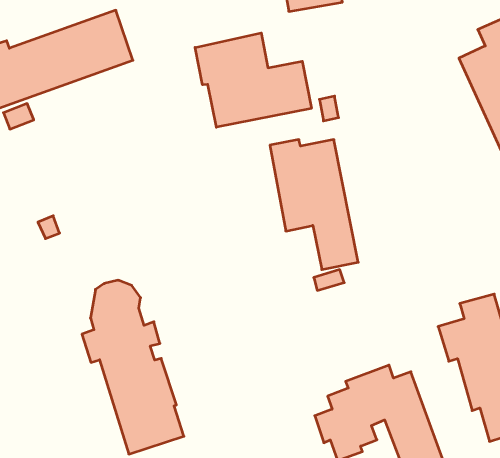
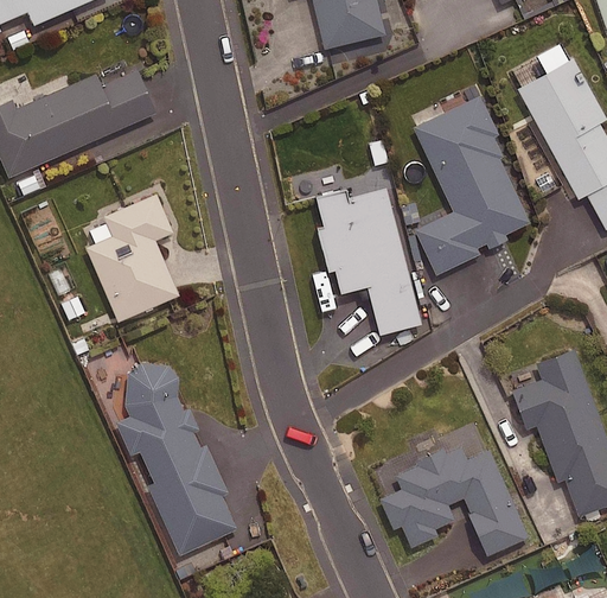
building: [195,33,311,127] -> none
building: none -> [409,95,532,274]
building: none -> [78,195,178,322]

